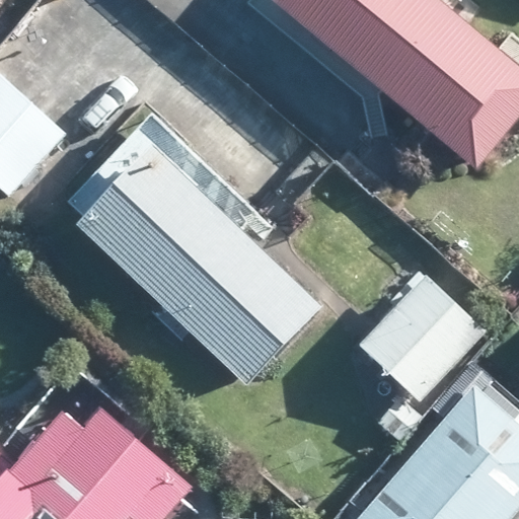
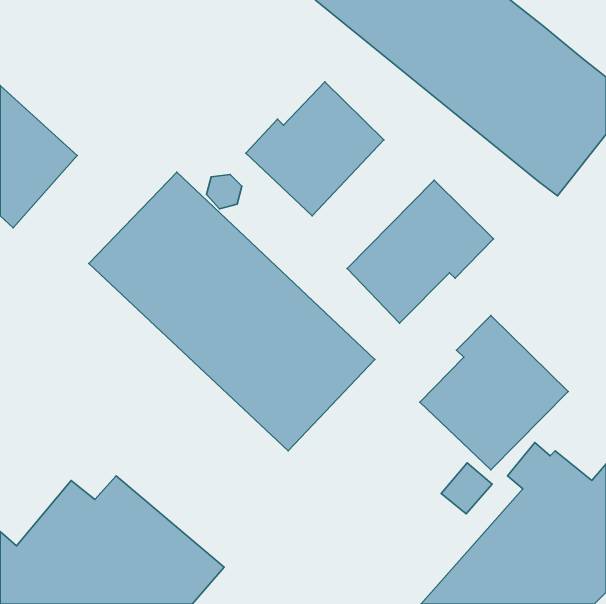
building: none -> [246,82,384,216]
building: none -> [347,180,494,323]

